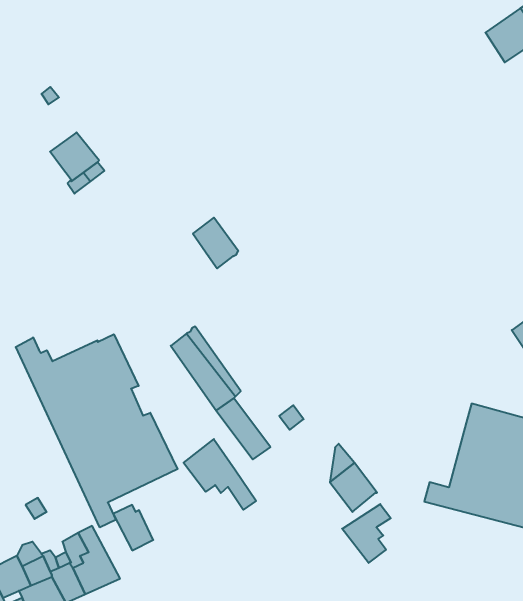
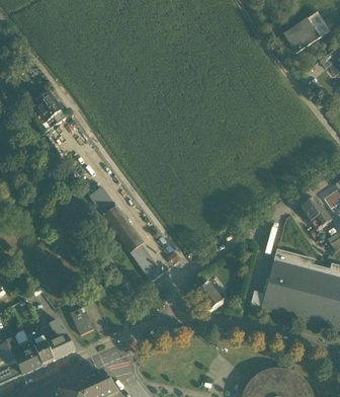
building: [193,218,238,268] -> [89,186,115,216]
building: [16,334,178,527] -> none
building: [184,439,256,510] -> none
building: [342,504,391,563] -> none

